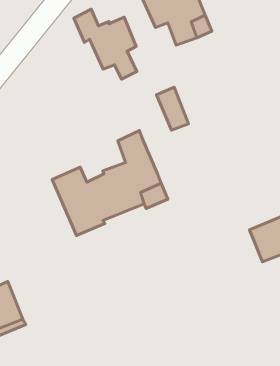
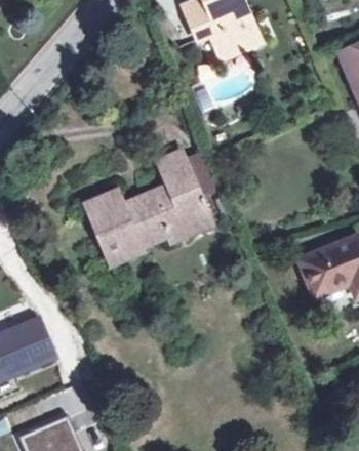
building: [74,9,137,79] -> none
building: [156,87,188,130] -> [183,152,217,199]

